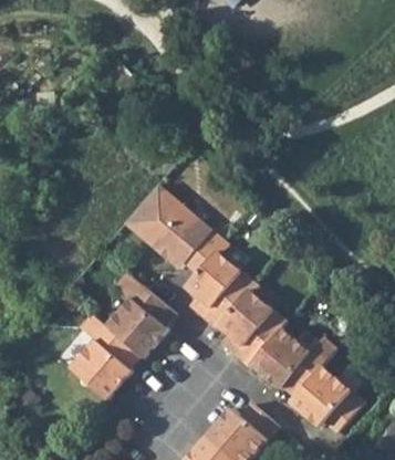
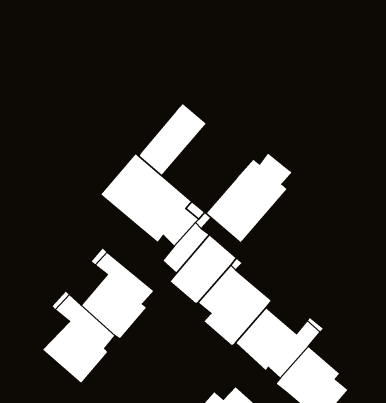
building: none -> [139,103,207,176]
building: none -> [206,152,292,243]

